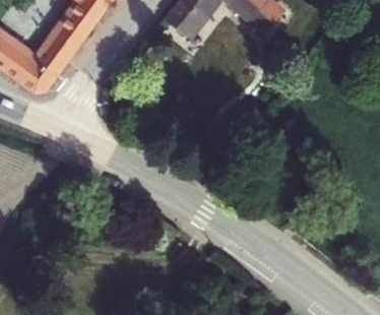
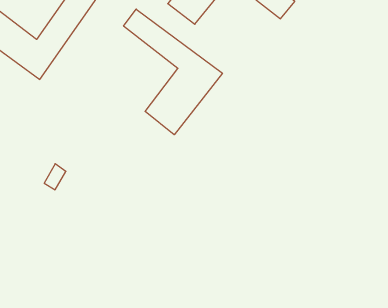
building: none -> [124,9,222,135]

